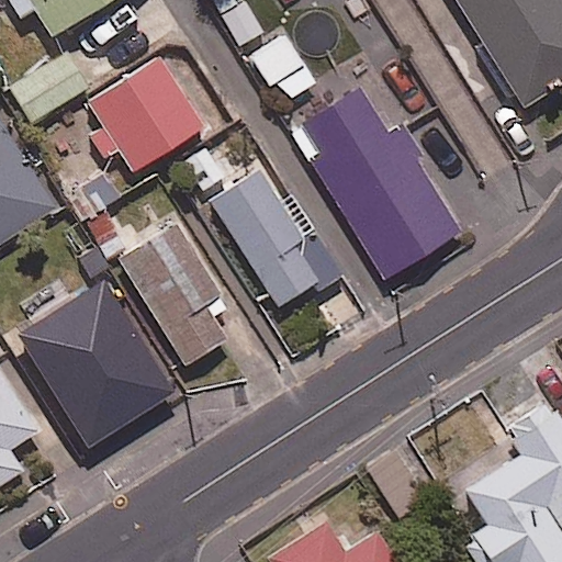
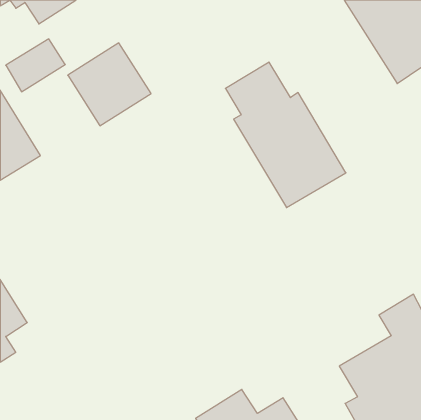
building: [209,170,344,311] -> none
building: [119,223,228,366] -> none
building: [15,280,175,448] -> none

